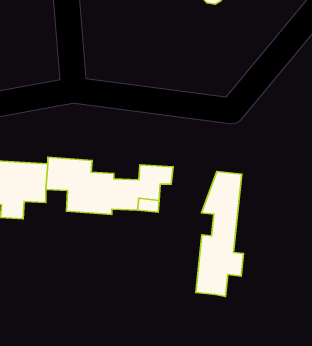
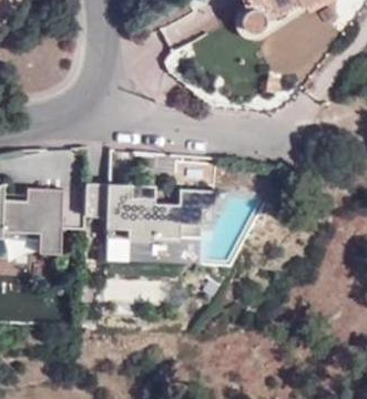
building: [196,171,244,296] -> none

